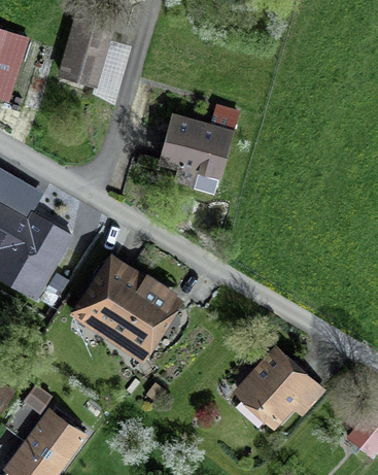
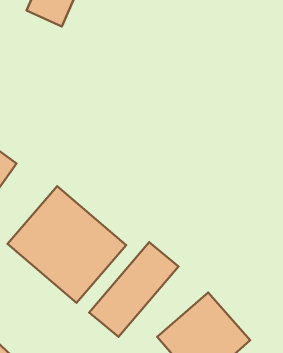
building: [156,111,237,197] -> none
building: none -> [89,242,179,337]

